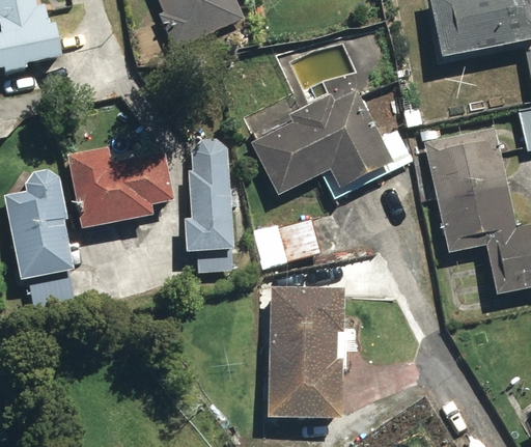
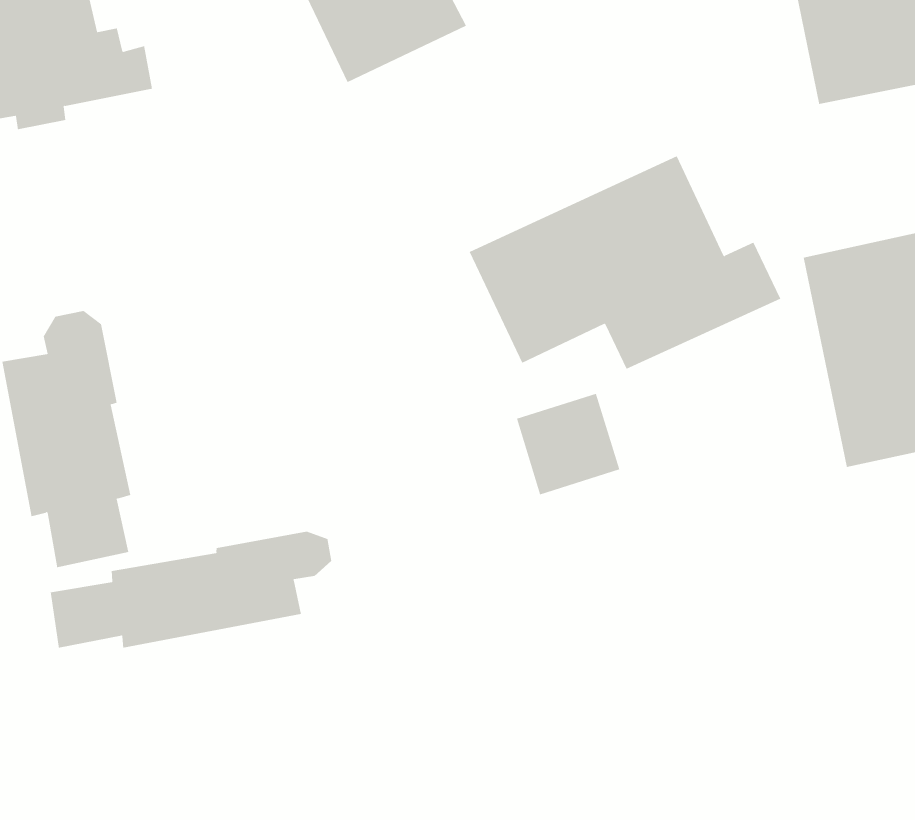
building: [181,136,231,248] -> none
building: [68,143,178,227] -> none
building: [270,284,351,420] -> none
building: none -> [50,531,332,649]

